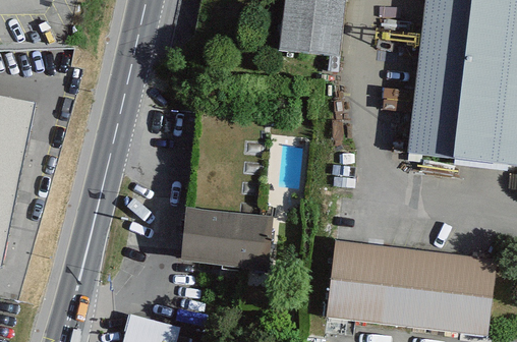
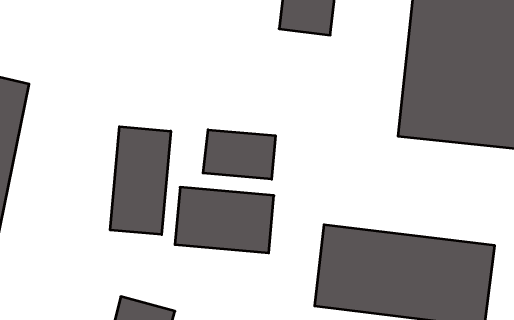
building: none -> [110,127,171,235]
building: none -> [203,130,275,179]

